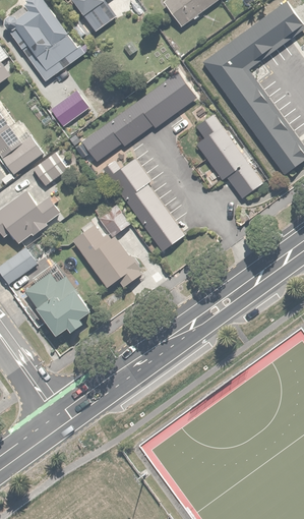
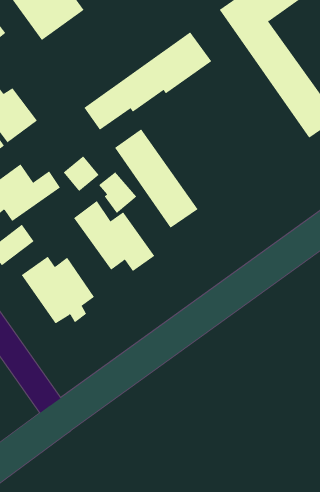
building: [52,92,86,124] -> none
building: [199,116,262,196] -> none
building: [33,154,65,186] -> [63,155,99,192]

